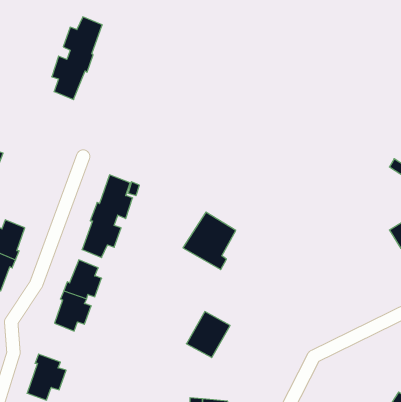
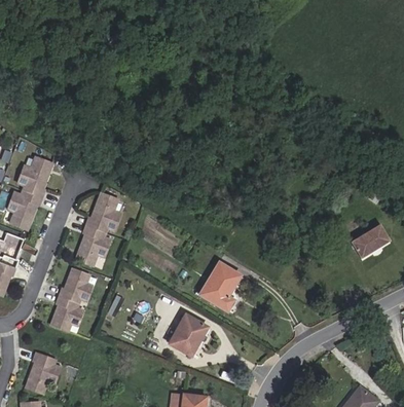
building: [52,17,102,100] -> [7,156,52,230]
building: [183,212,236,270] -> [198,261,246,312]

